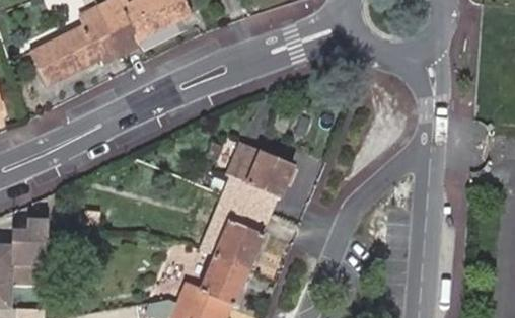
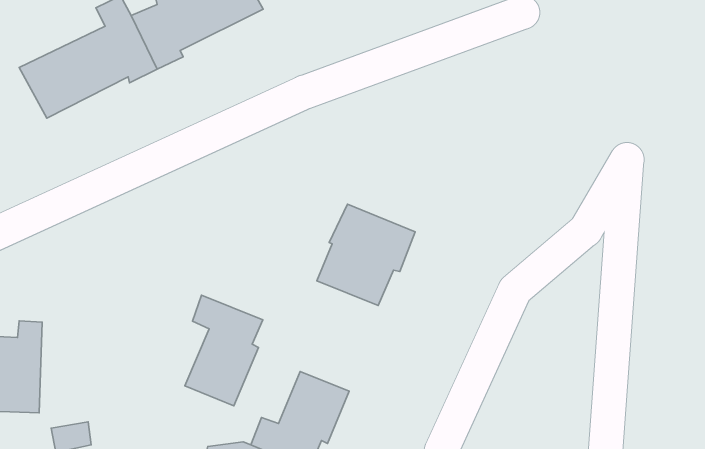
building: [214,194,266,267] -> [185,295,263,406]

